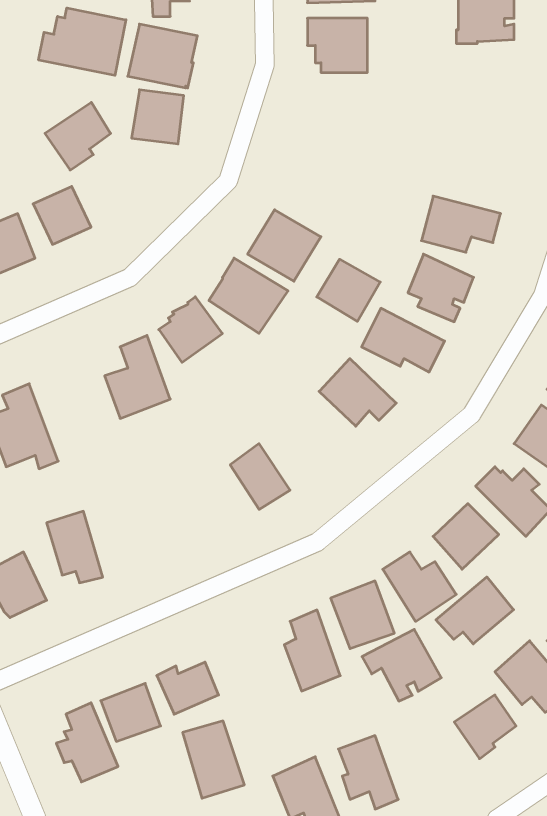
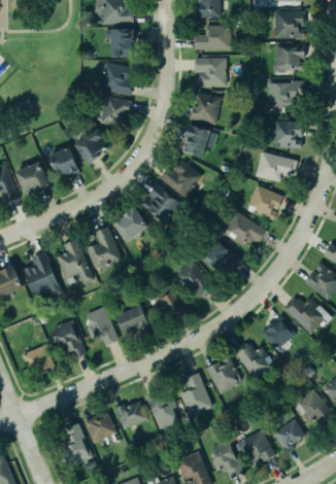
building: [39,8,126,75] -> none
building: none -> [267,82,304,109]
building: none -> [190,93,221,126]
building: [45,102,111,170] -> [73,129,108,165]
building: none -> [272,120,302,148]
building: none -> [182,125,210,157]
building: [317,259,380,321] -> none
building: none -> [57,239,92,285]
building: none -> [175,257,215,296]
building: none -> [117,306,150,338]
building: none -> [85,307,119,347]
building: [436,577,514,644] -> none
building: [362,629,441,701] -> [233,428,275,466]
building: [183,721,244,798] -> [145,388,178,429]

